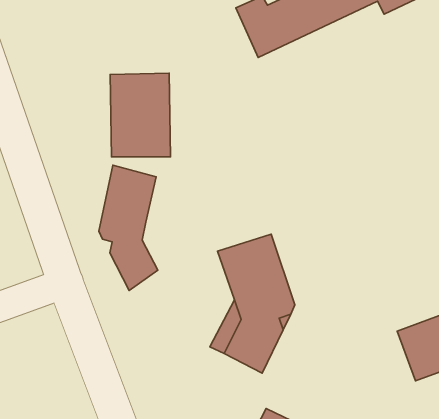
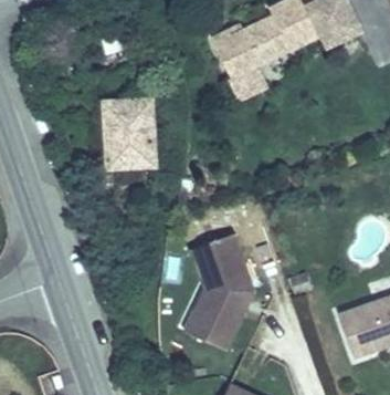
building: [99,165,158,291] -> none

